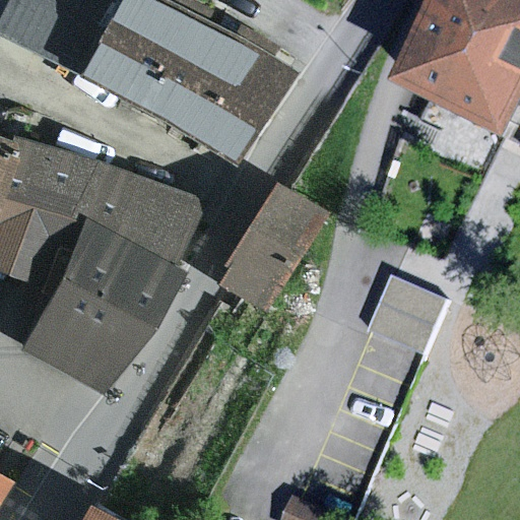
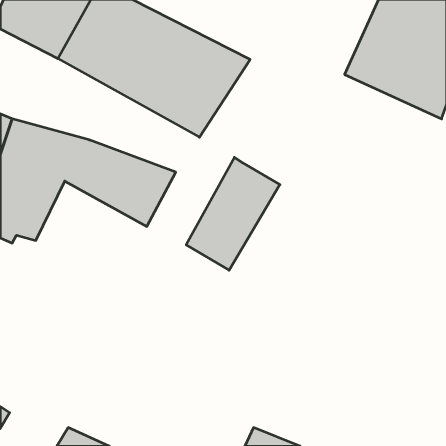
building: [10,210,180,387] -> none
building: [372,278,452,355] -> none

